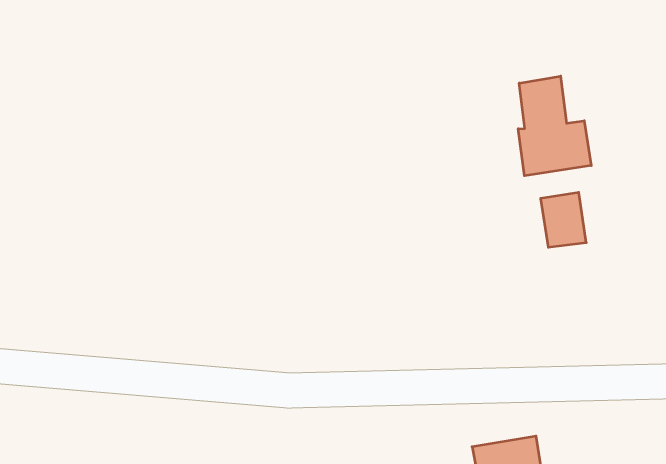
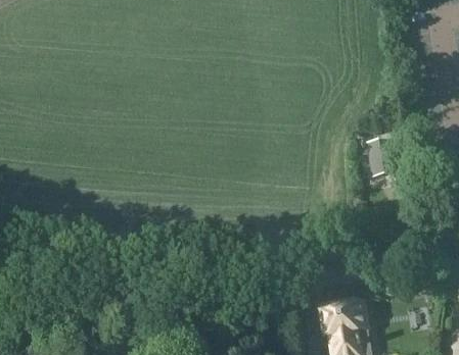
building: [518,76,591,176] -> none

